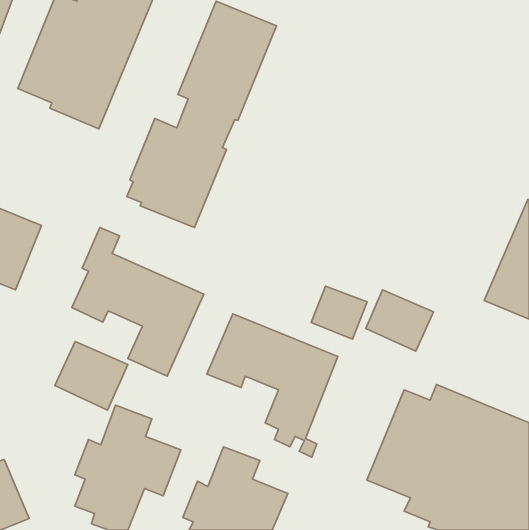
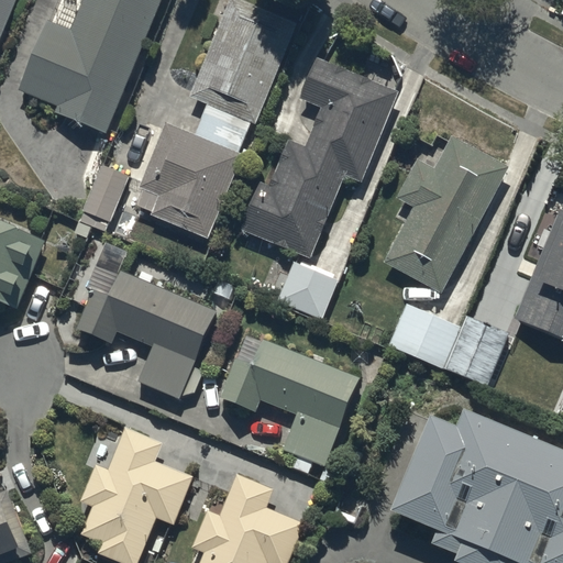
building: none -> [244,56,400,256]
building: none -> [385,136,511,294]
building: none -> [73,167,128,241]
building: [311,286,367,339] -> [277,265,336,321]
building: none -> [445,319,506,386]
building: [55,342,128,410] -> none

